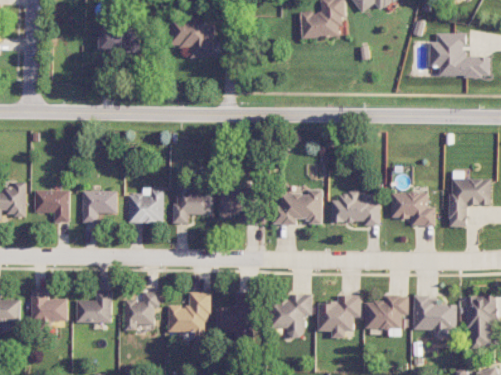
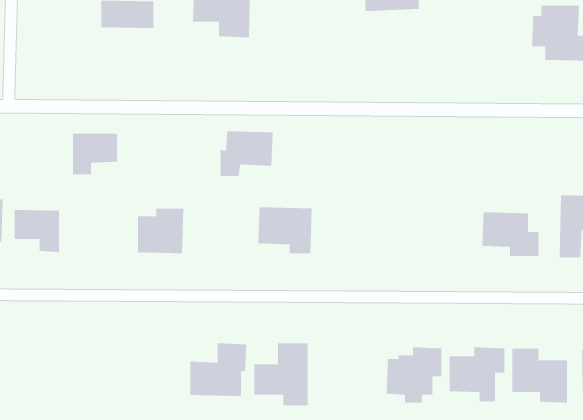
building: [172,189,213,224] -> [220,131,274,177]
building: [81,191,116,223] -> [72,133,118,175]
building: [275,191,321,225] -> none
building: [330,193,379,226] -> none
building: [30,290,66,321] -> none
building: [74,291,110,323] -> none
building: [123,292,158,331] -> none
building: [273,295,312,338] -> none

